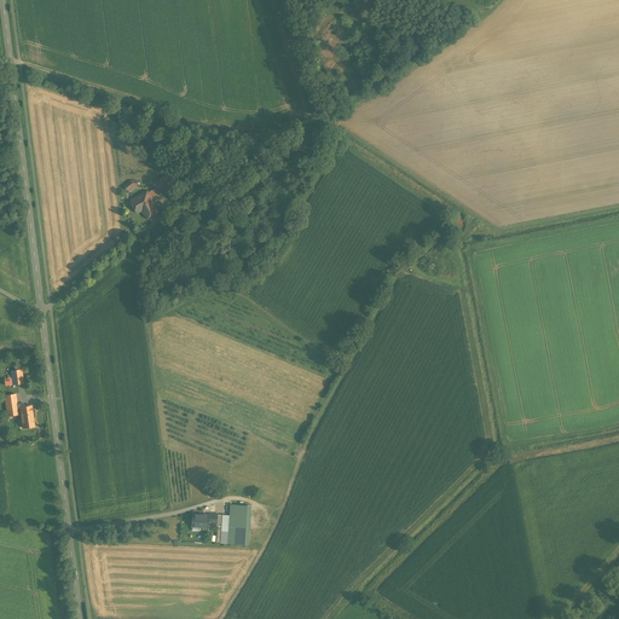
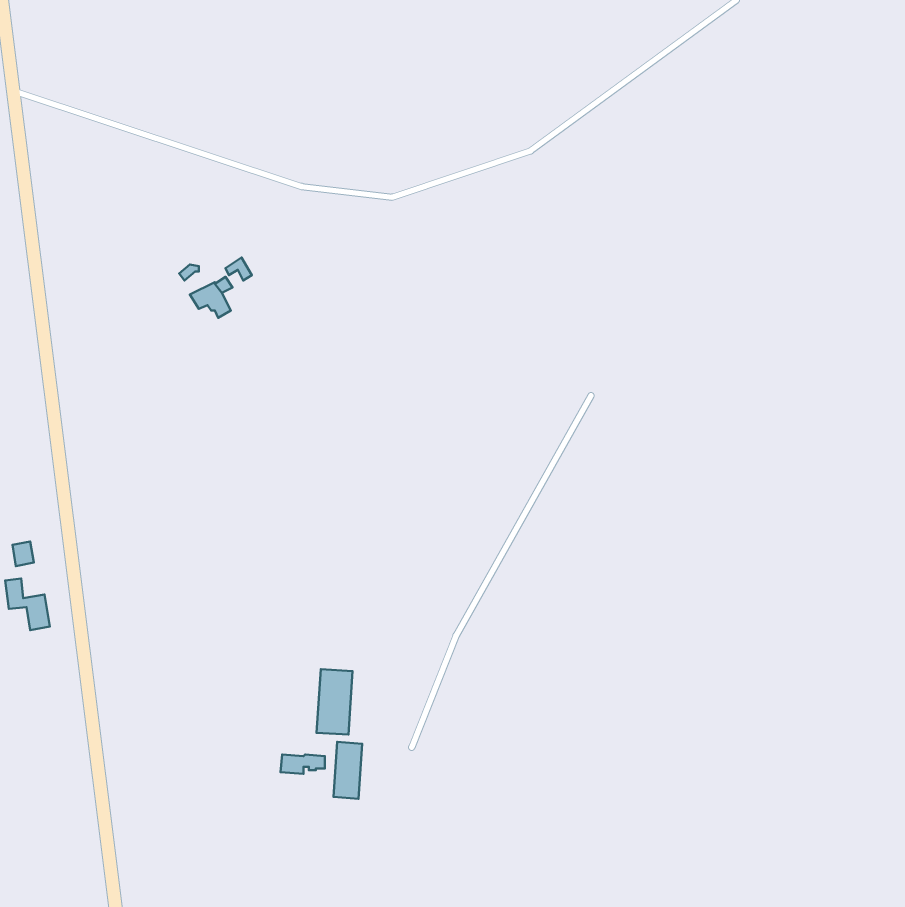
building: none -> [317,669,353,735]

